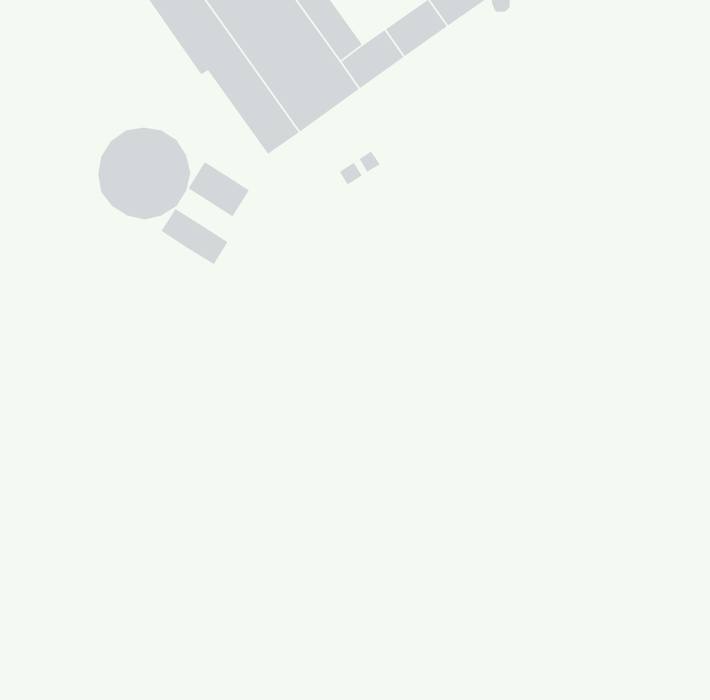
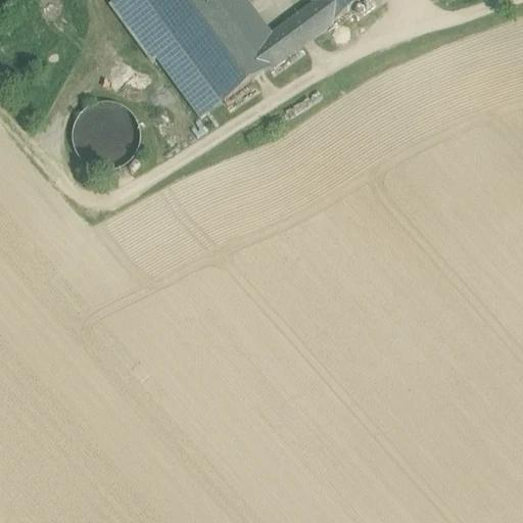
building: [187,161,250,217] -> none
building: [161,208,228,265] -> none

